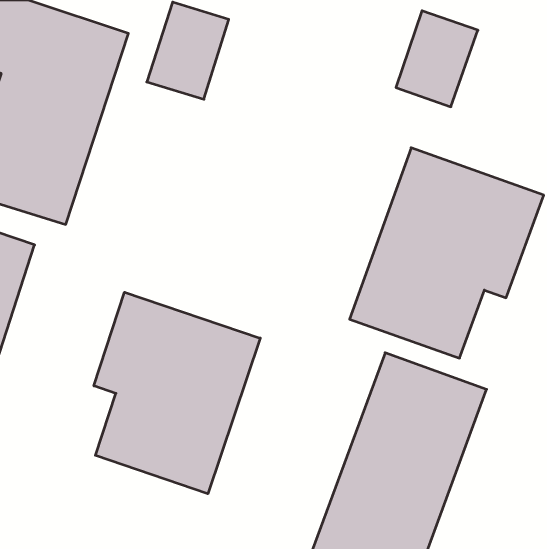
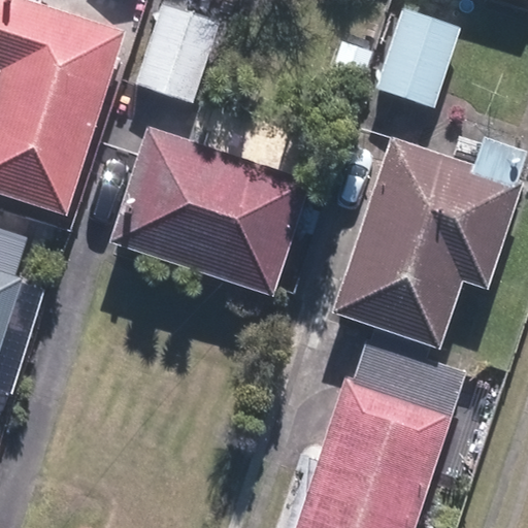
building: none -> [111,129,311,297]
building: [94,292,260,494] -> none

